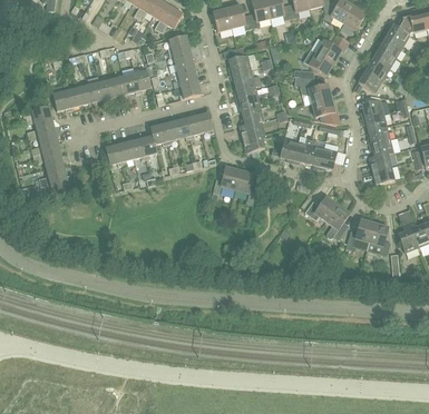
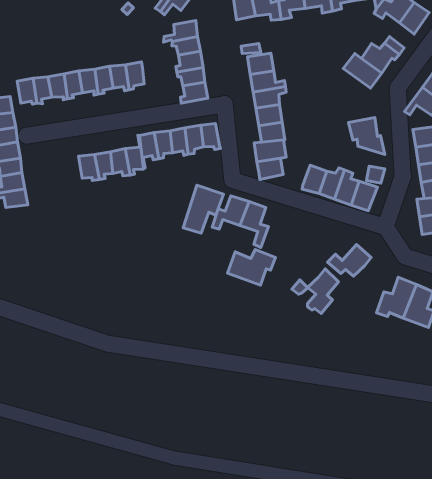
building: [294,75,331,101] -> none
building: none -> [183,185,223,233]
building: [325,204,349,238] -> [307,269,338,313]
building: none -> [228,250,275,285]

